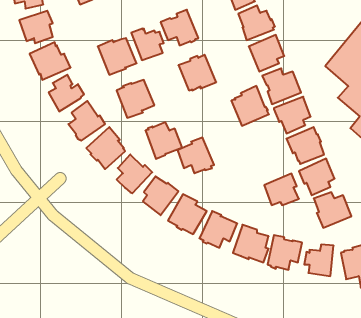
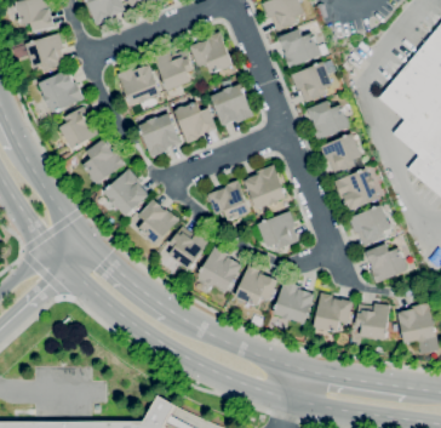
building: [231,86,269,126] -> [244,164,287,210]
building: [145,122,182,159] -> [174,101,217,143]
building: [264,174,299,205] -> [258,211,298,247]

